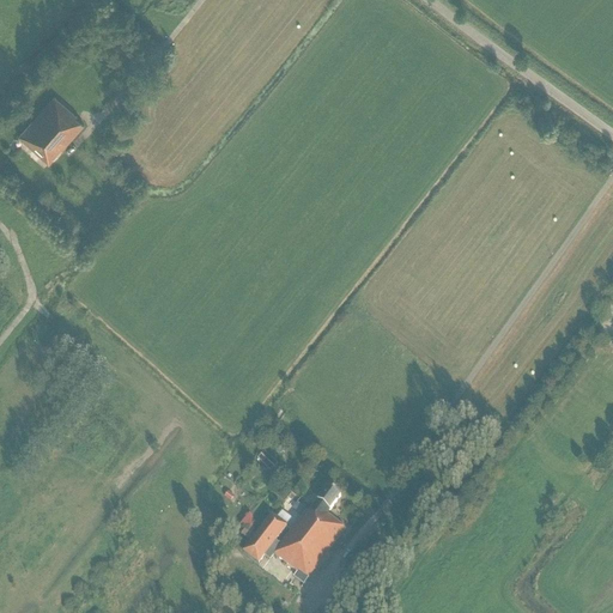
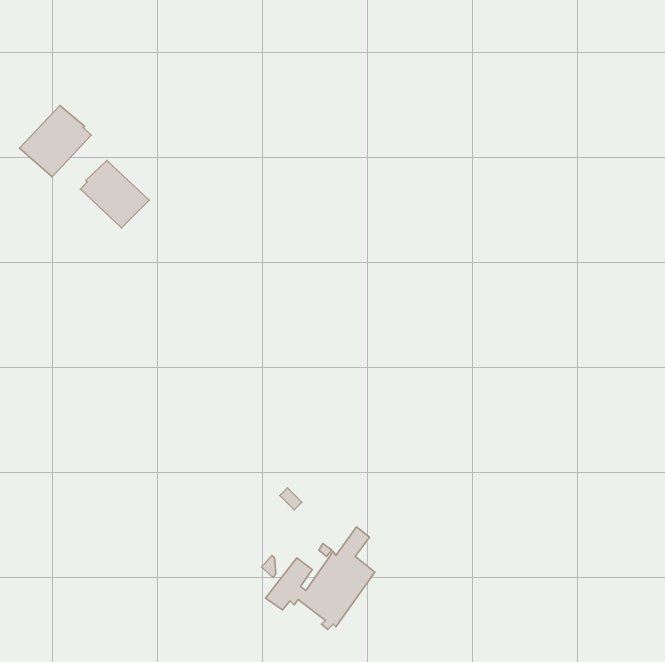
building: none -> [81,161,149,228]

